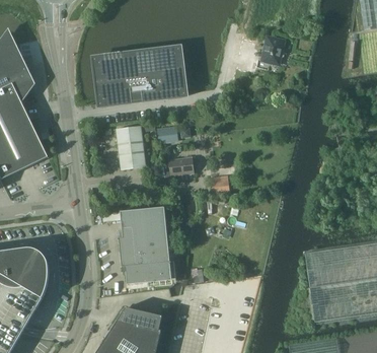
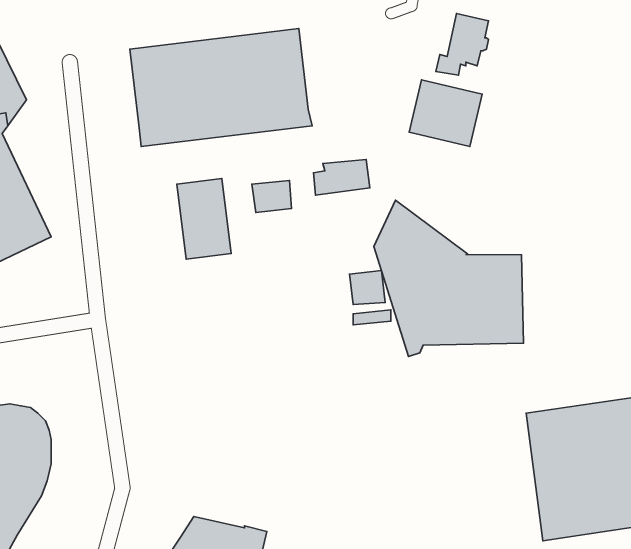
building: none -> [409,80,482,147]
building: none -> [374,200,524,357]
building: [163,156,194,175] -> [314,160,370,195]
building: [118,206,171,283] -> none

